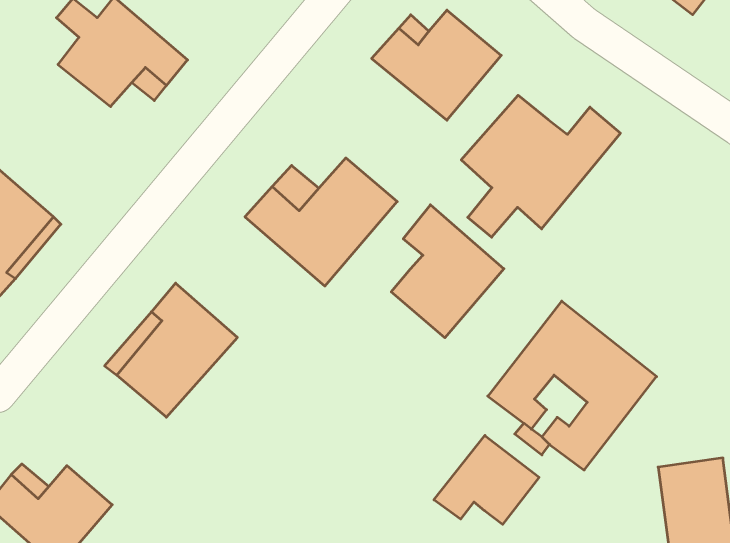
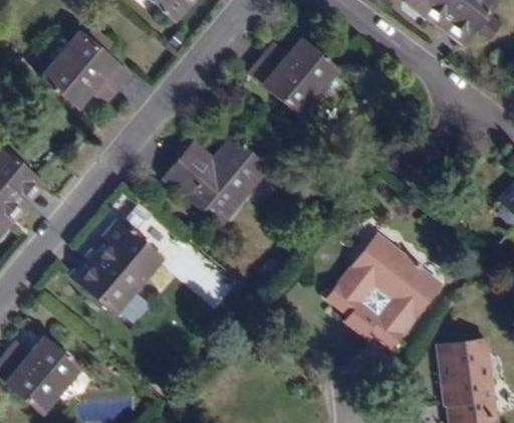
building: [461,95,620,237] -> none
building: [391,205,504,338] -> none
building: [434,435,539,524] -> none

